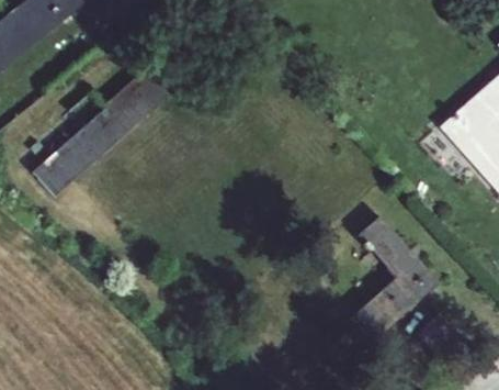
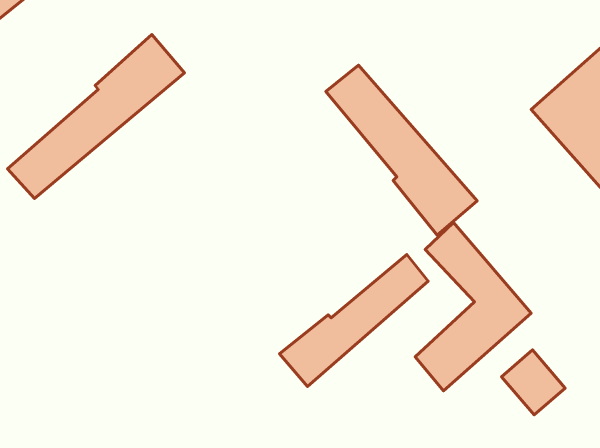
building: none -> [326,65,477,235]
building: none -> [280,255,428,386]

